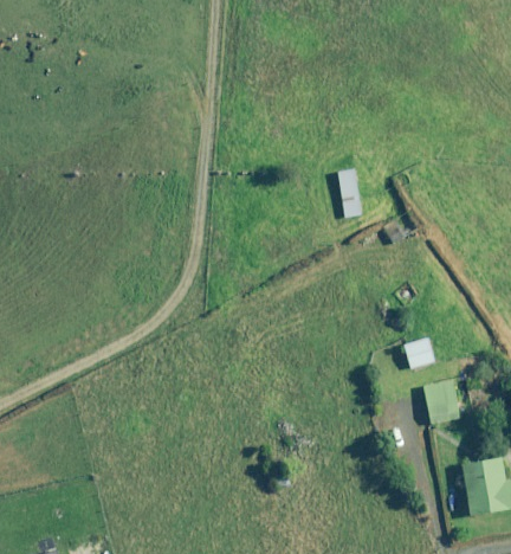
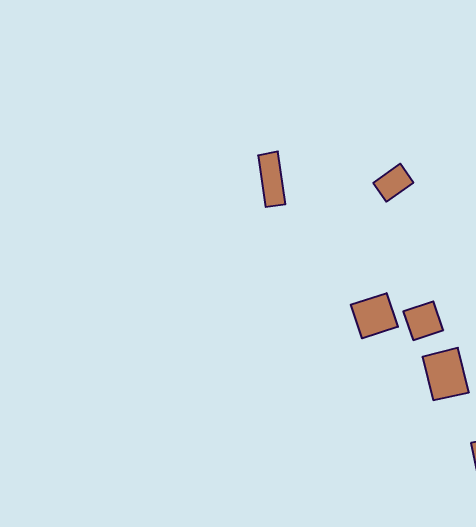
building: [339,168,361,217] -> [258,151,285,207]
building: none -> [351,293,398,338]

